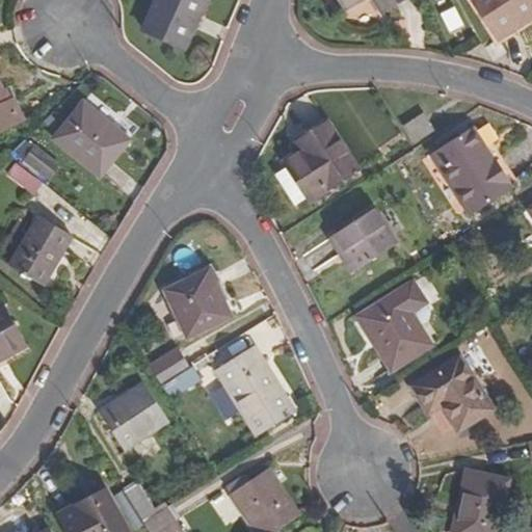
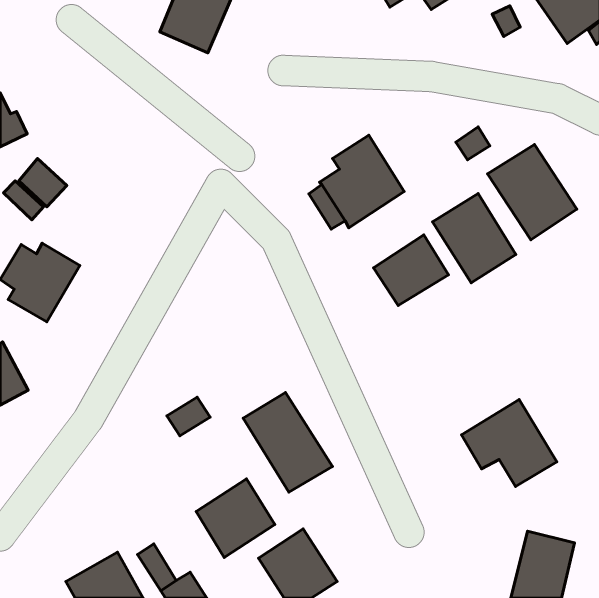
building: [53,102,130,177] -> none
building: [164,268,232,338] -> none
building: [357,291,431,370] -> [432,194,516,283]
building: [99,380,168,450] -> [196,479,275,557]

